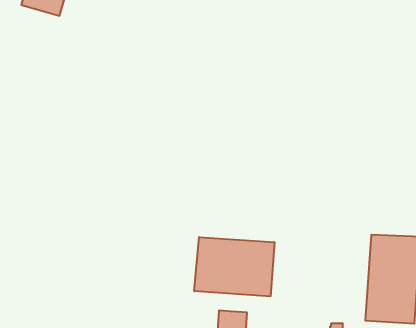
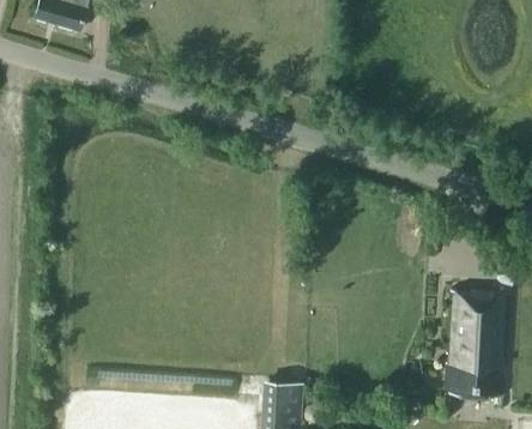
building: [194,237,274,296] -> none

